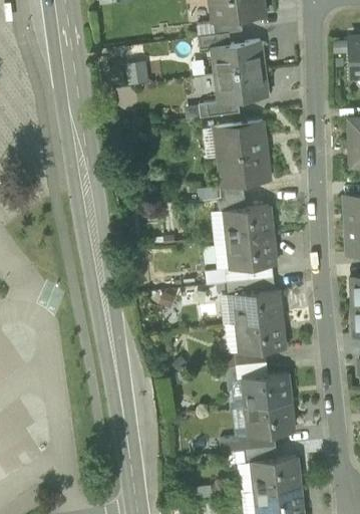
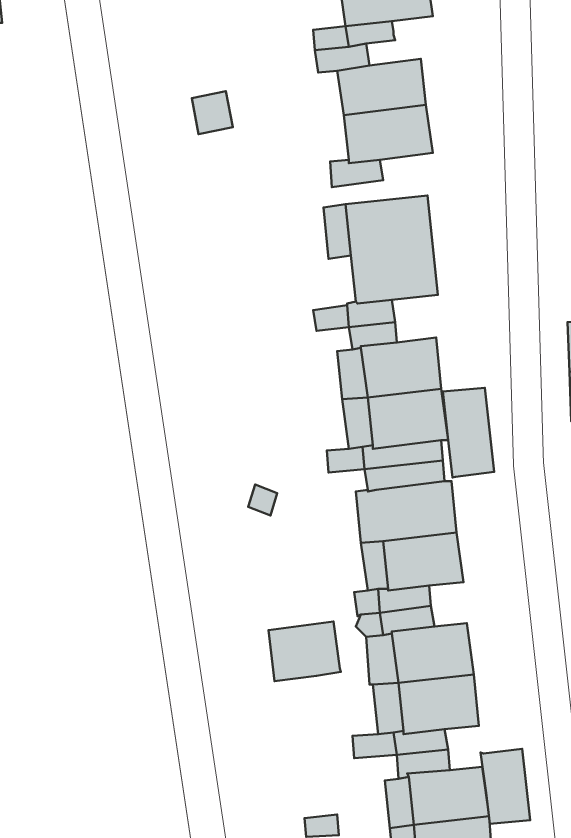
building: none -> [443,388,494,478]
building: none -> [268,622,341,681]
building: none -> [480,749,530,824]

